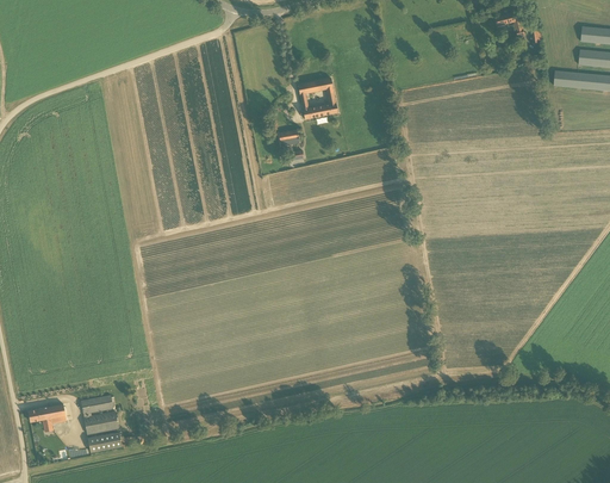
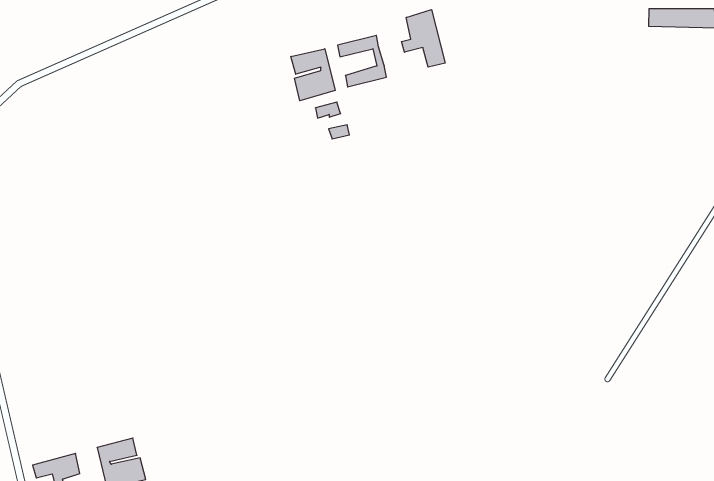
building: none -> [401,10,445,67]
building: none -> [291,49,335,101]

